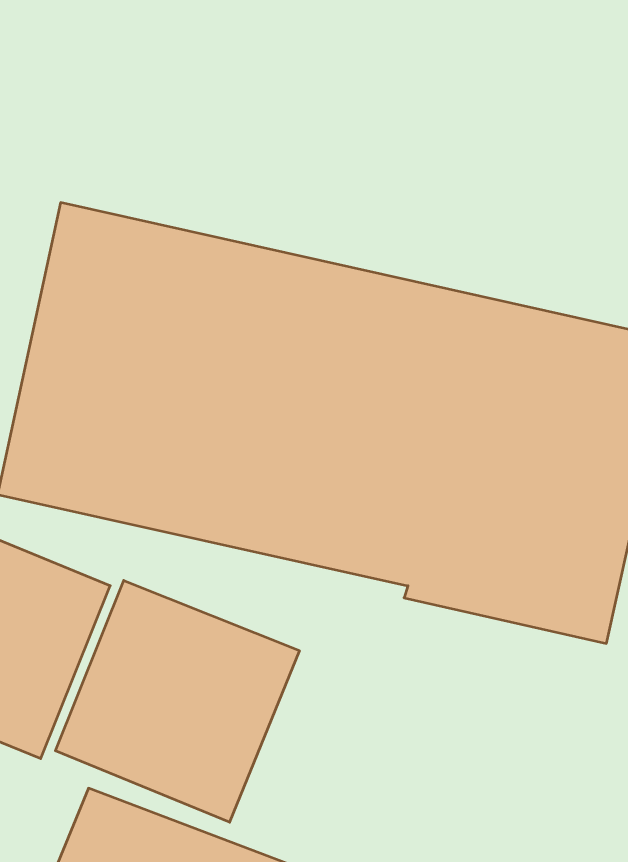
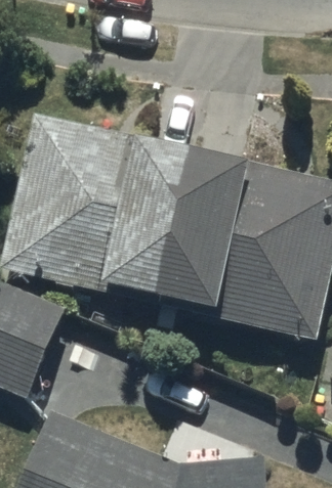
building: [55,580,299,822] -> none

